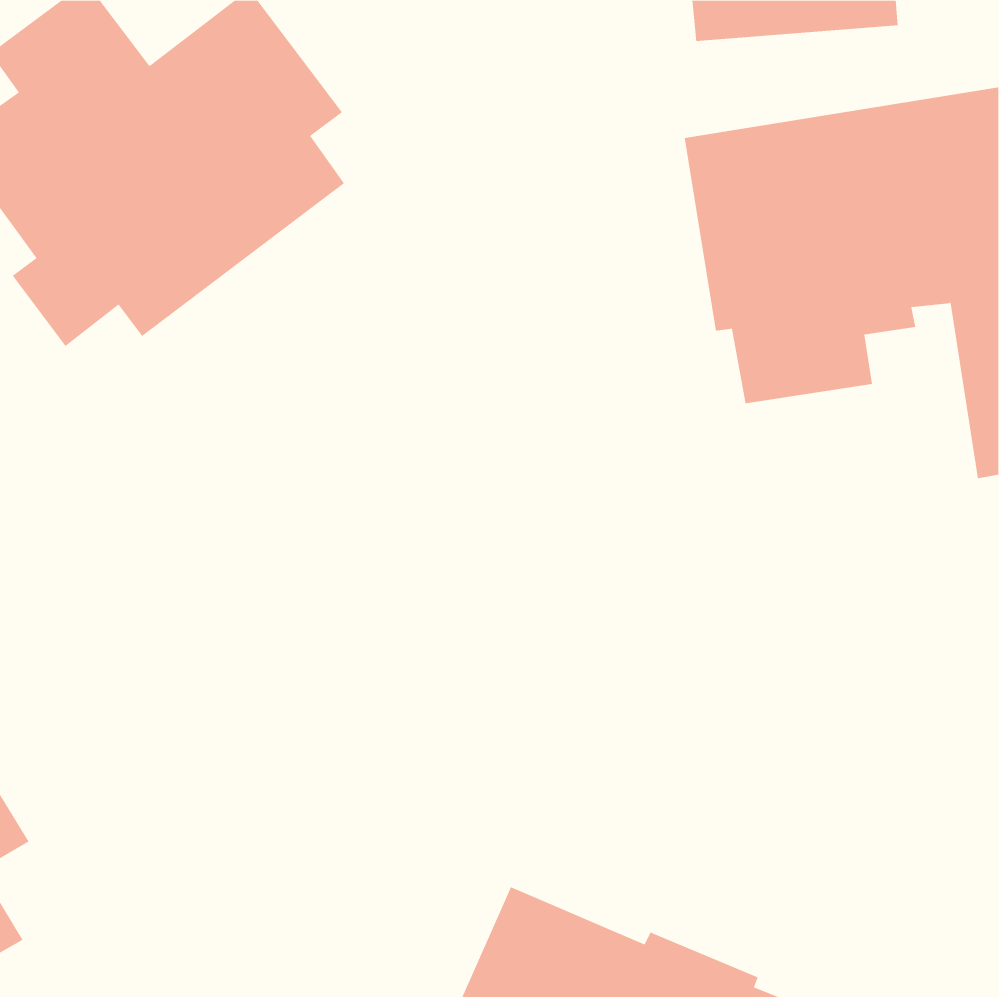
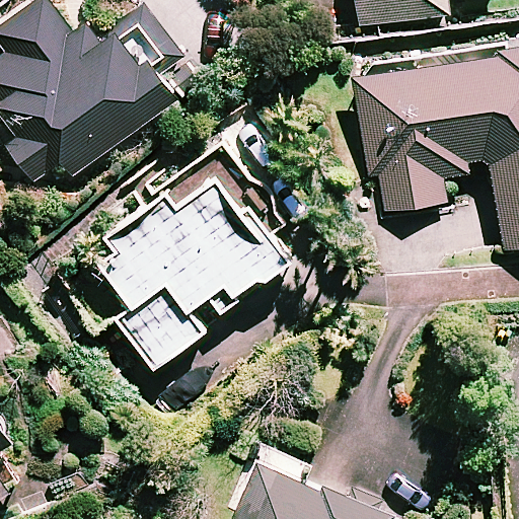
building: none -> [89,157,291,371]

